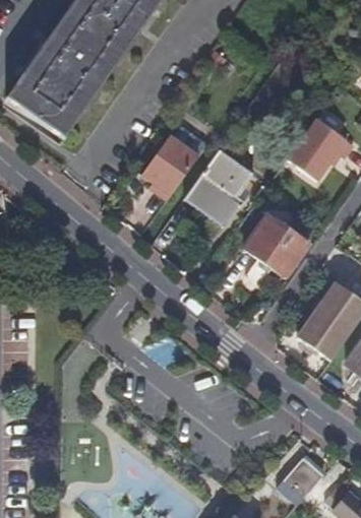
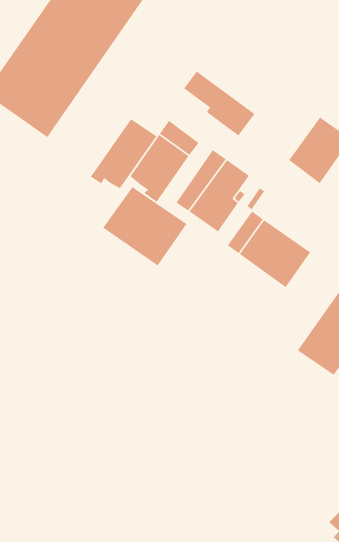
building: none -> [183,70,256,137]
building: none -> [90,118,157,189]
building: none -> [102,186,187,266]
building: [276,456,323,506] -> none

